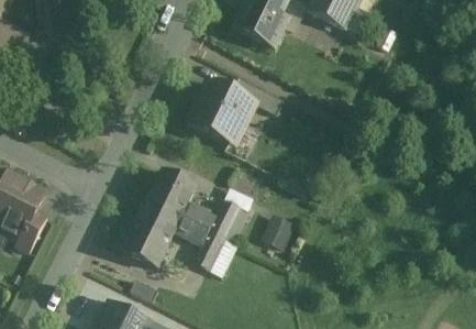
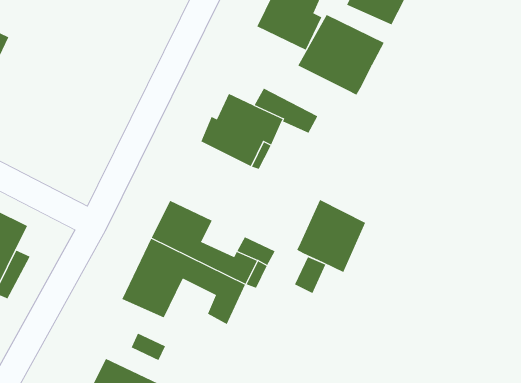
building: none -> [298,14,384,95]
building: none -> [297,199,366,273]

